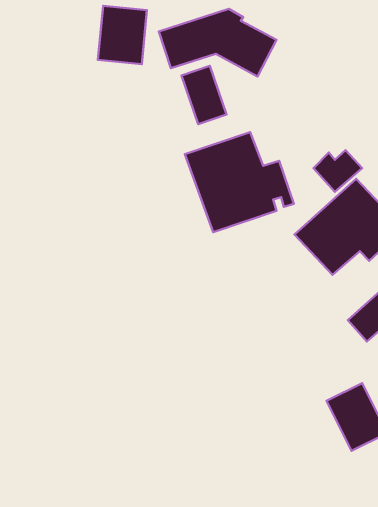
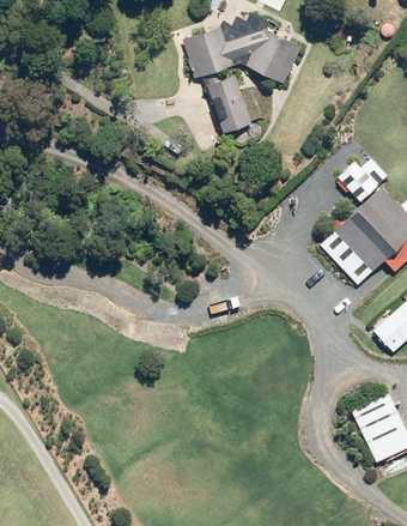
building: [98,6,147,64] -> none
building: [185,132,294,232] -> none

